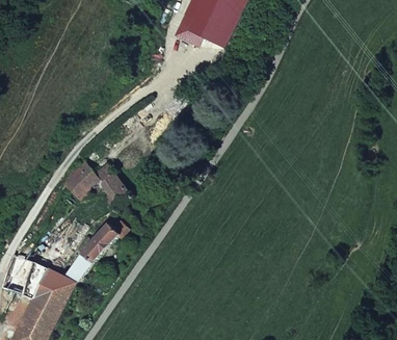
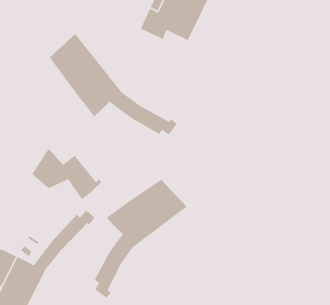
building: none -> [49,33,178,135]
building: none -> [94,179,188,299]

